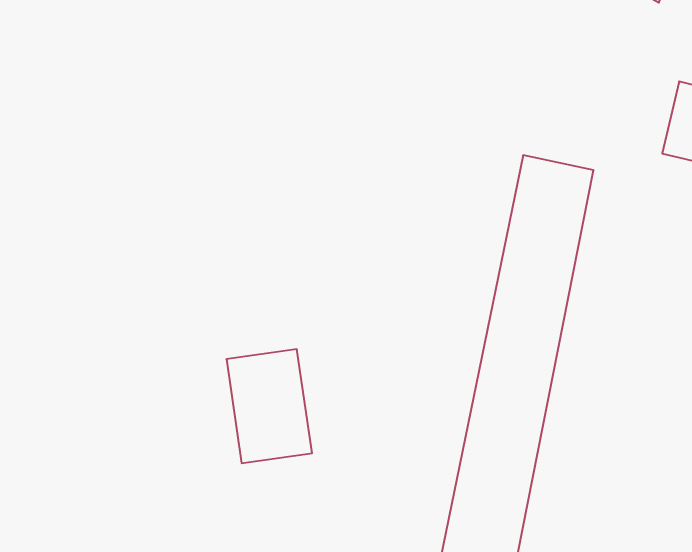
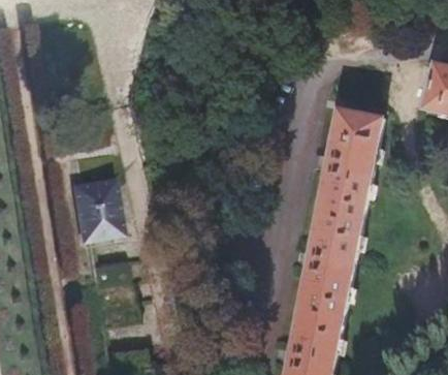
building: [226,349,312,463] -> [69,173,122,243]

